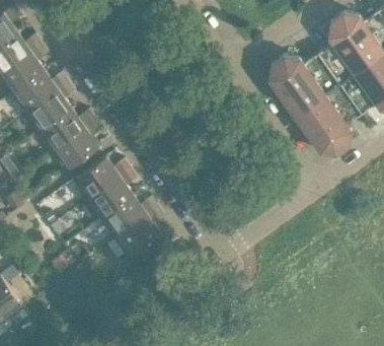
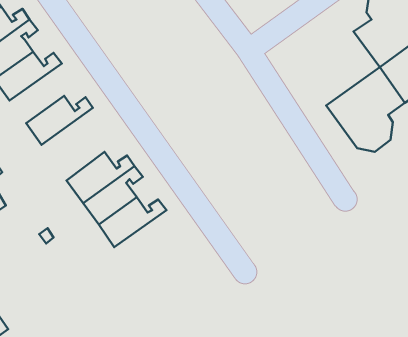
building: [270,53,340,116] -> none
building: [25,80,76,131] -> none
building: [53,118,103,169] -> none
building: [114,205,165,256] -> none

